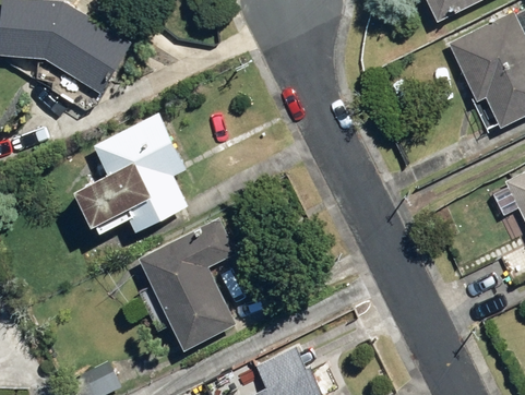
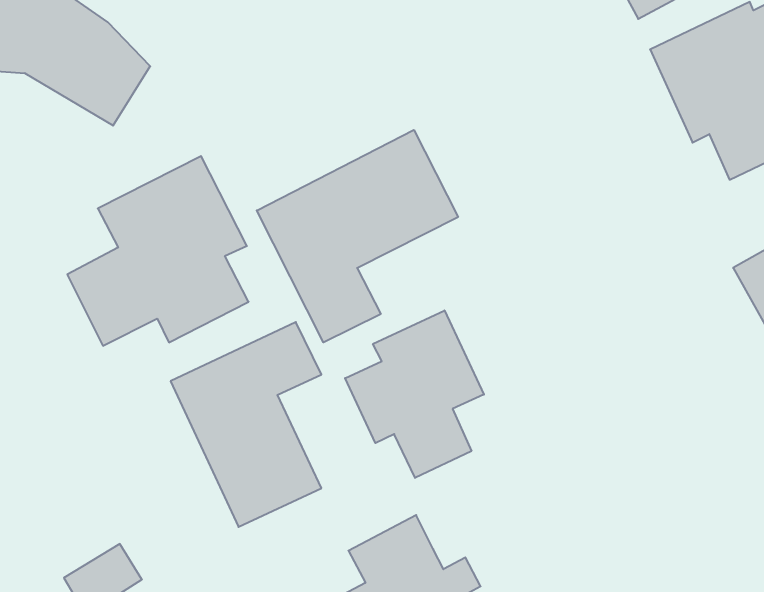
building: none -> [257,130,458,342]
building: none -> [345,310,484,478]

